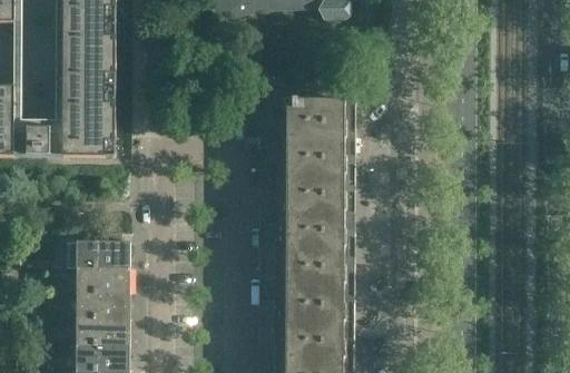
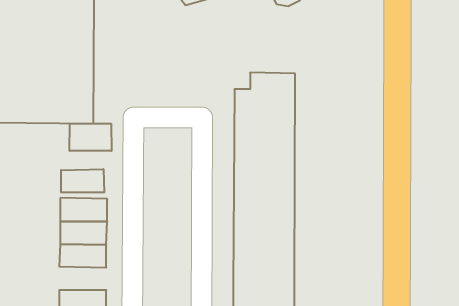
building: none -> [70,124,112,151]
building: none -> [61,169,104,192]
building: [77,317,130,344] -> none

